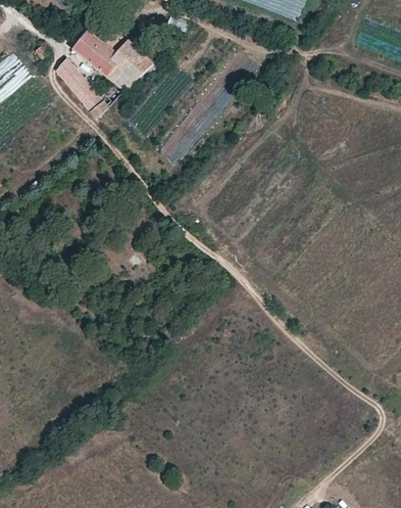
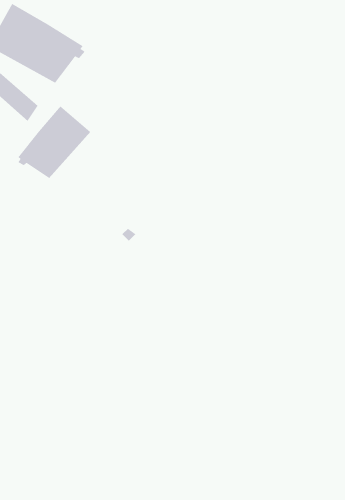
building: none -> [17,105,91,179]

